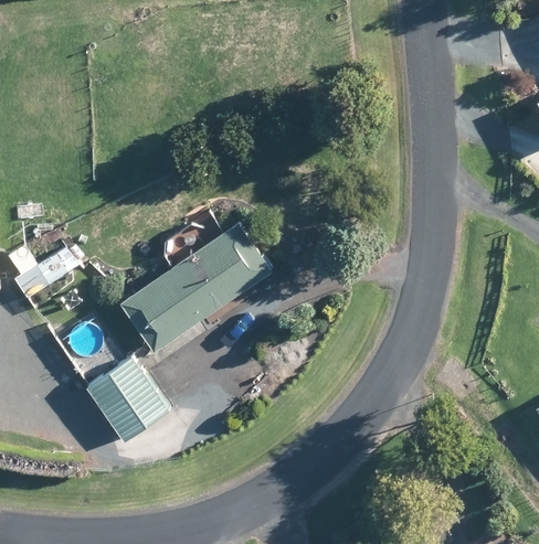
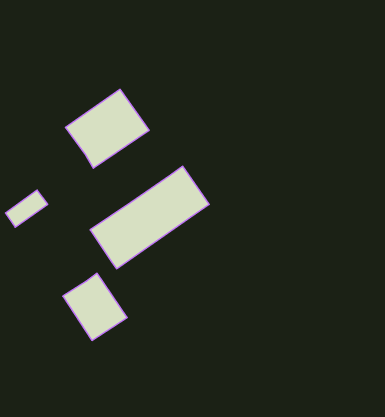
building: none -> [65,89,149,168]

